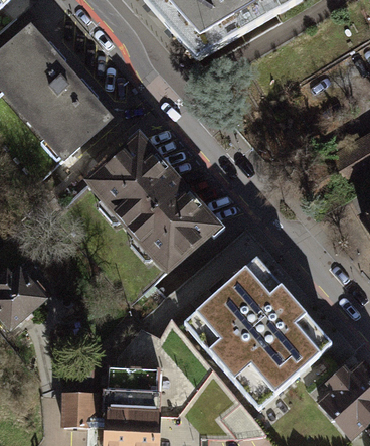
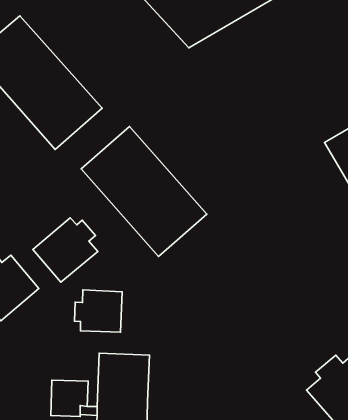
building: none -> [33,218,98,282]
building: [186,261,333,410] -> none
building: none -> [75,290,122,332]

